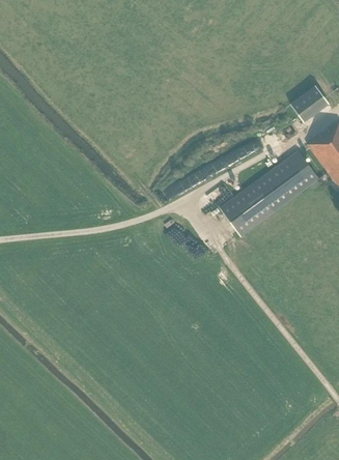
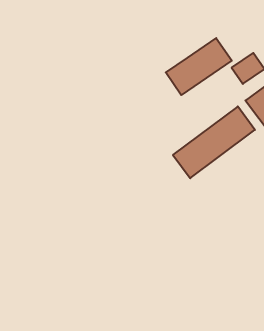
building: none -> [166,38,232,95]

